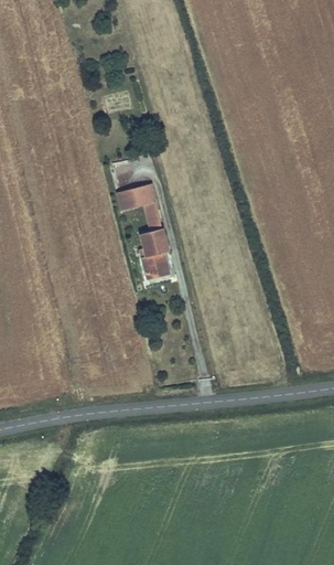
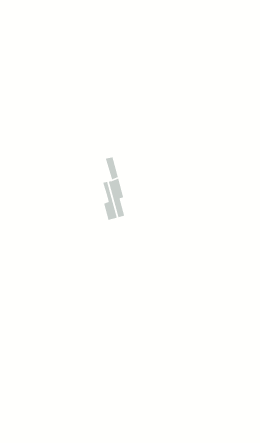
building: [115,186,152,211] -> none

